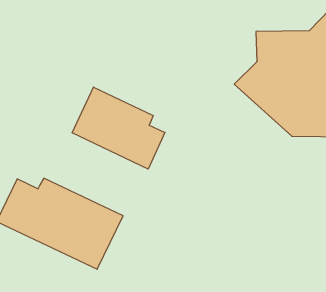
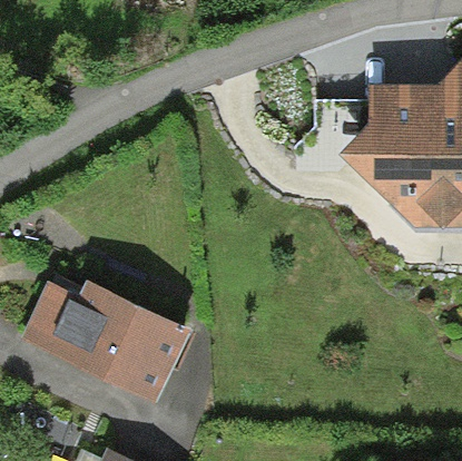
building: [72,87,165,169] -> none

